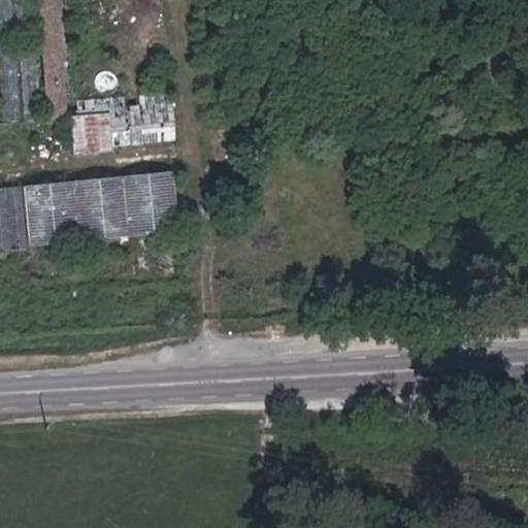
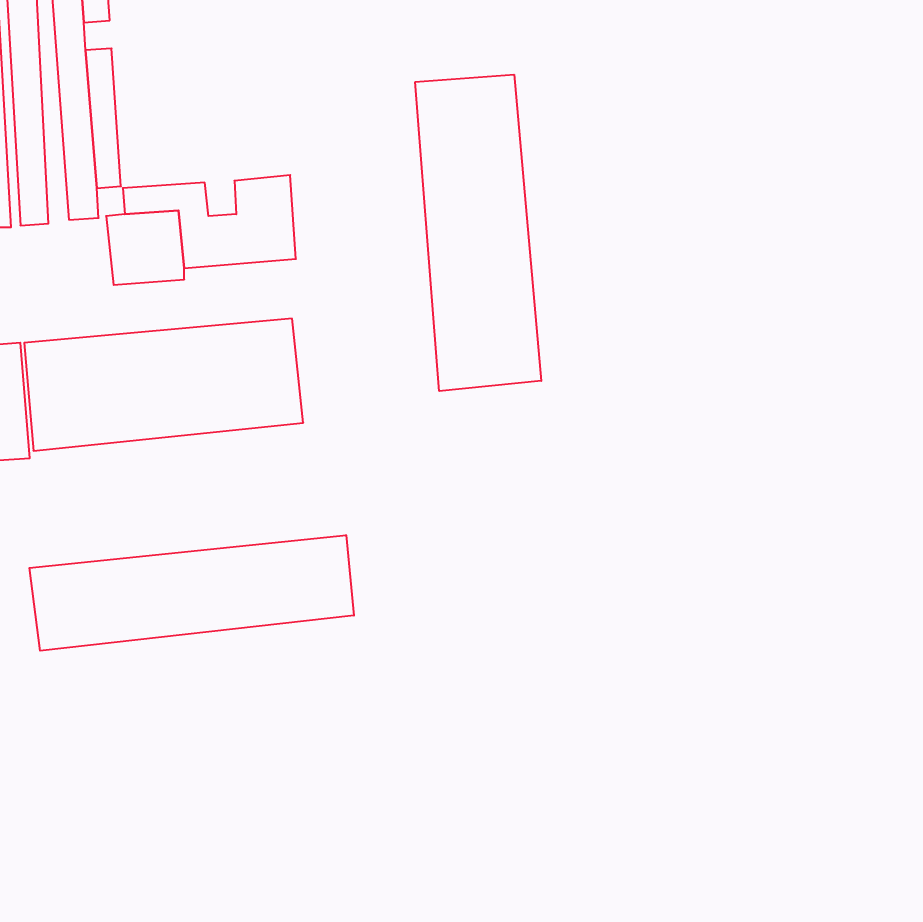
building: none -> [415,75,541,391]
building: none -> [29,535,354,651]

